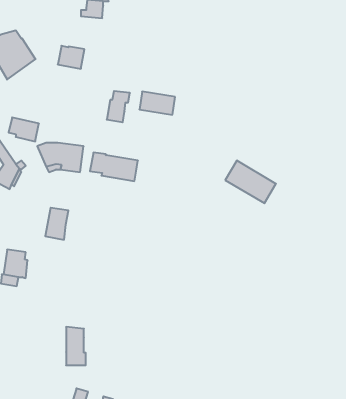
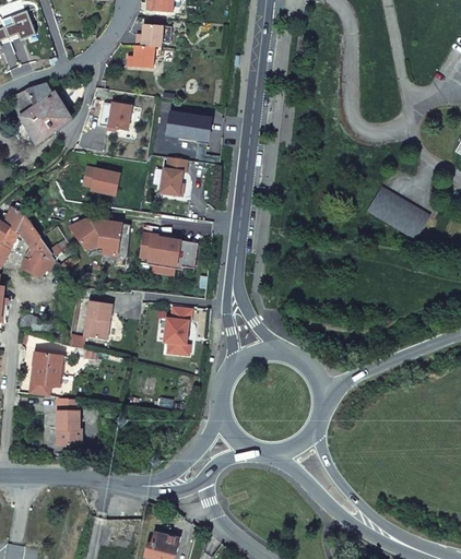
building: [139,92,175,115] -> [166,112,210,141]
building: [9,117,39,141] -> [82,166,119,195]
building: [225,161,276,203] -> [367,187,429,239]
building: none -> [163,307,190,354]
building: [66,327,86,365] -> [57,397,81,444]

